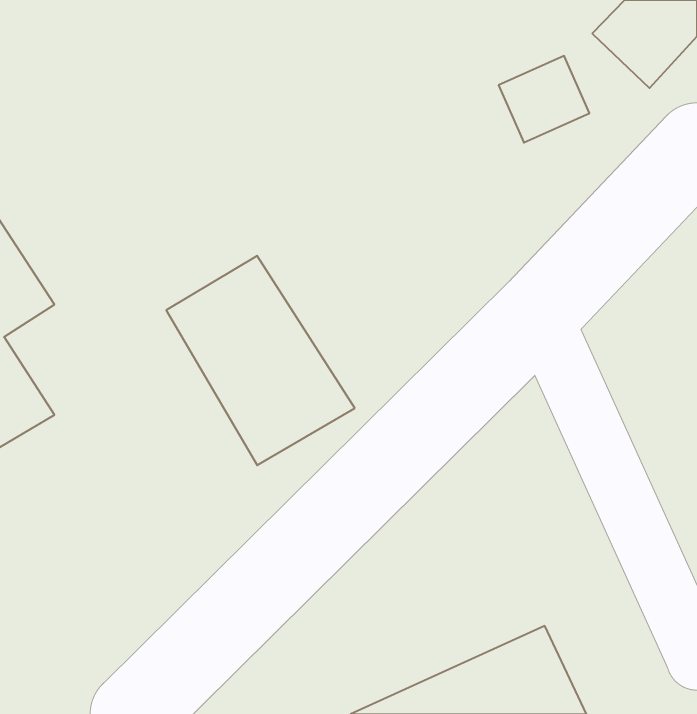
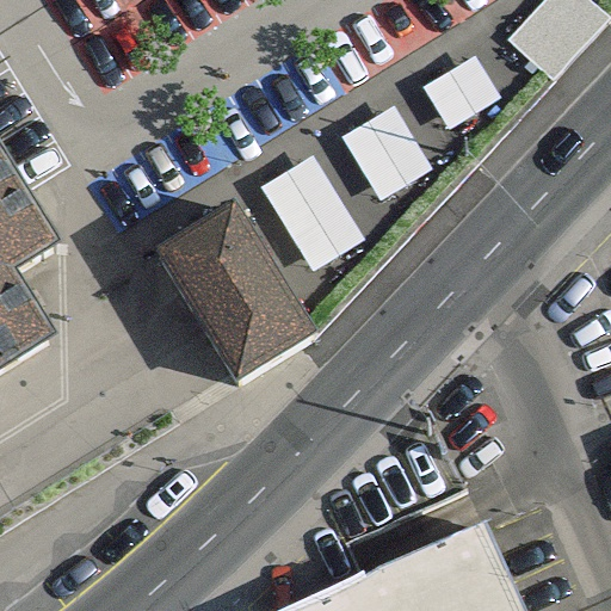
building: none -> [341,94,438,196]
building: none -> [260,144,371,266]

